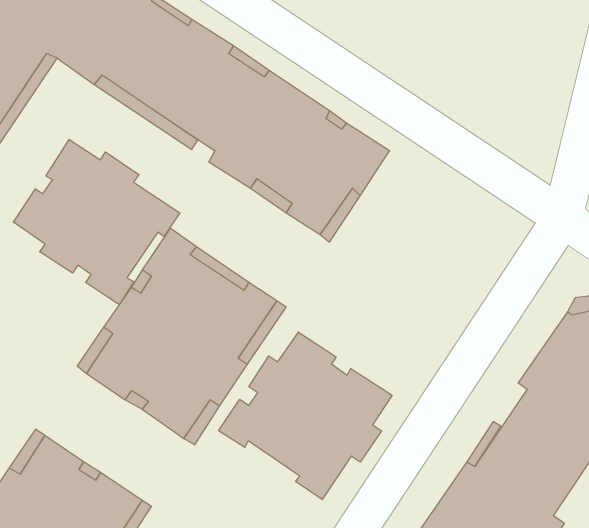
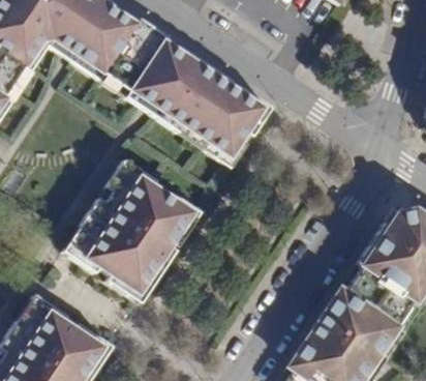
building: [13,139,180,305] -> none
building: [219,332,392,500] -> none

